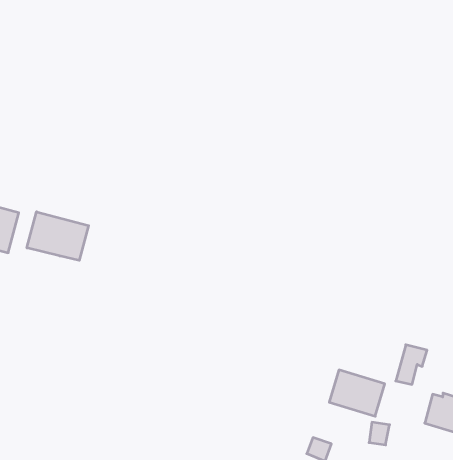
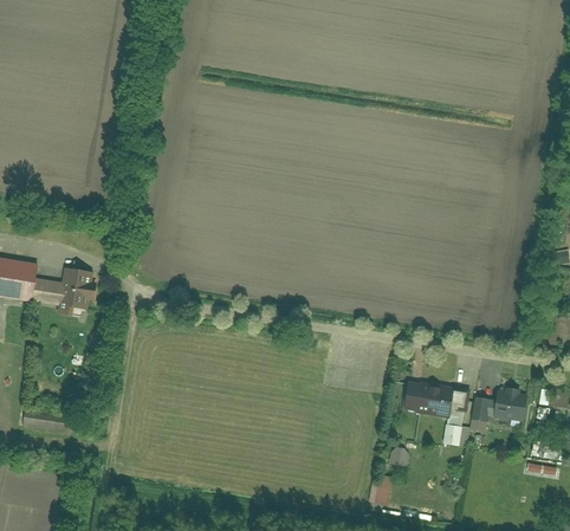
building: [27,212,89,260] -> none
building: [396,345,427,384] -> [471,393,495,428]

